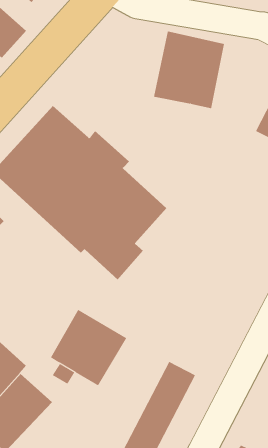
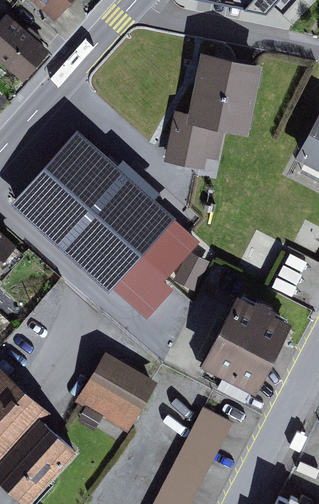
building: none -> [164,119,225,172]
building: none -> [200,294,291,393]

